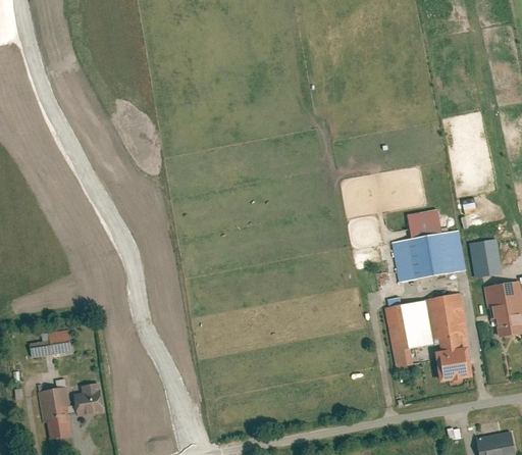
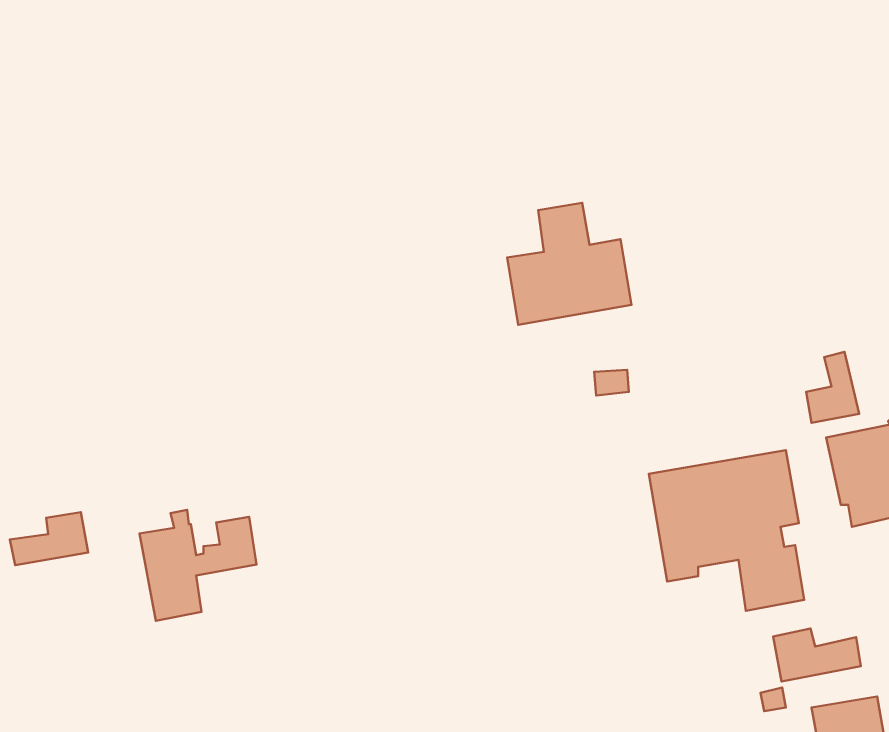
building: [394,210,463,279] -> [507,203,631,325]
building: [38,378,103,441] -> [140,510,256,621]
building: none -> [773,628,861,682]

